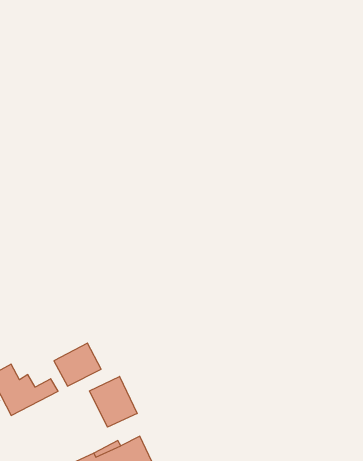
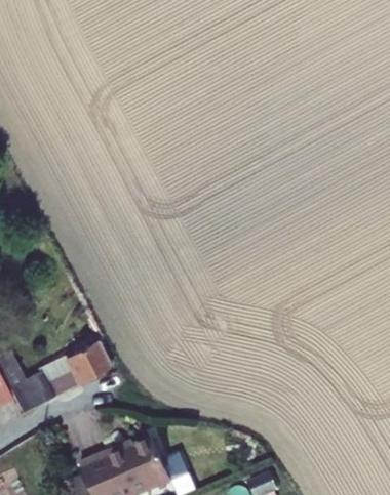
building: [89,376,137,427] -> none

